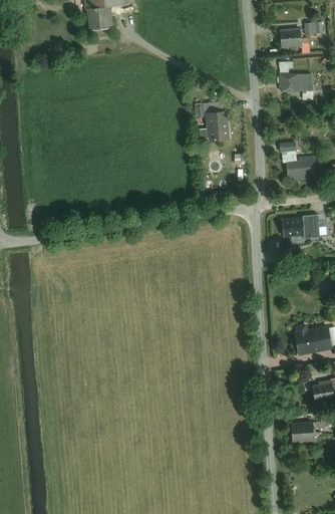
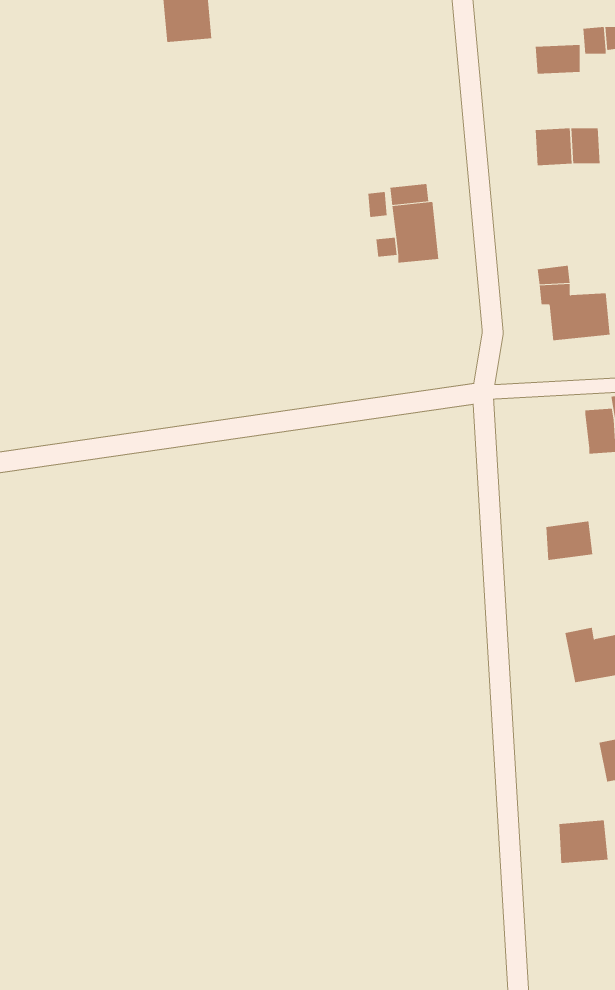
building: [281,217,305,237] -> [545,521,593,561]

